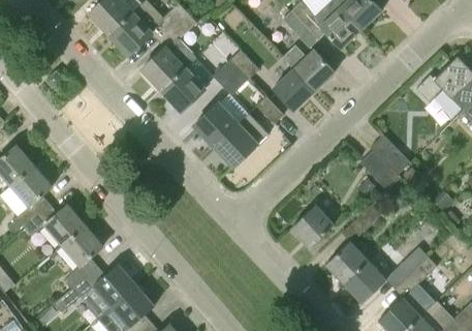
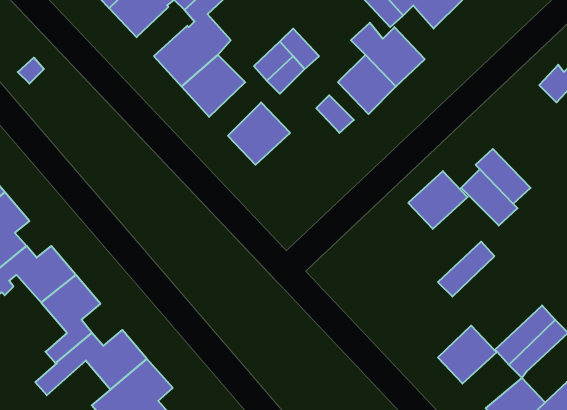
building: [214,124,257,168] -> none
building: [291,206,334,247] -> [408,171,468,229]
building: [326,242,368,284] -> none

